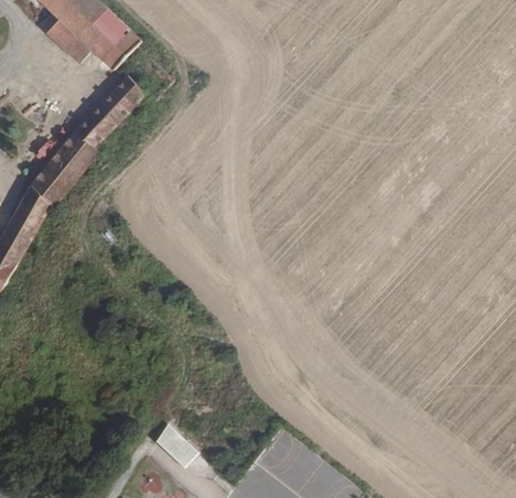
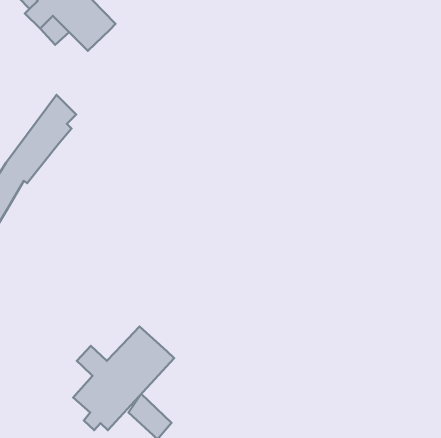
building: [82,75,142,138] -> none
building: none -> [73,327,174,430]

